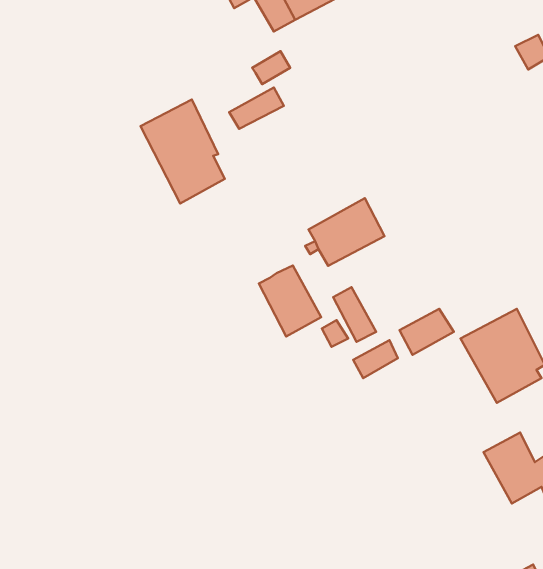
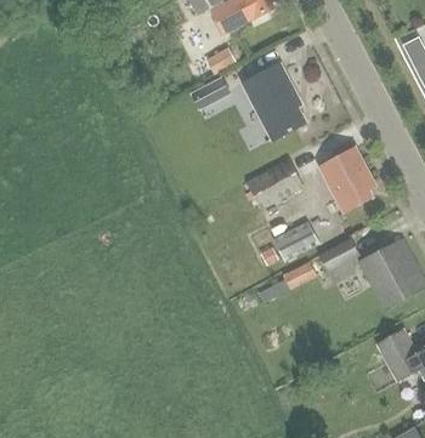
building: [141,100,225,204] -> [244,63,306,140]
building: none -> [321,148,375,210]
building: [259,265,321,336] -> none

